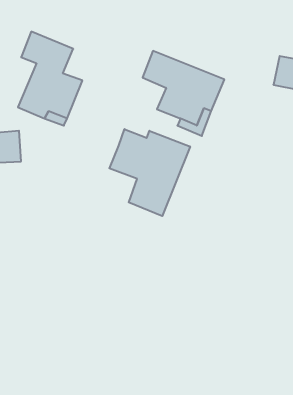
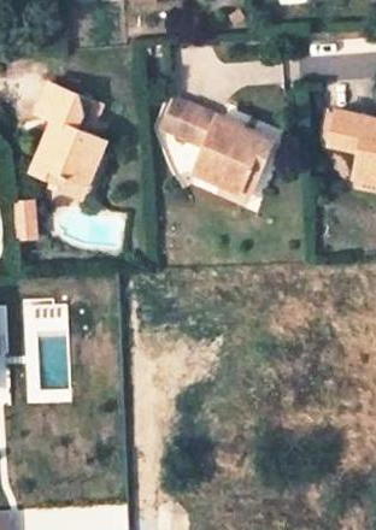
building: [109,129,190,216] -> none

